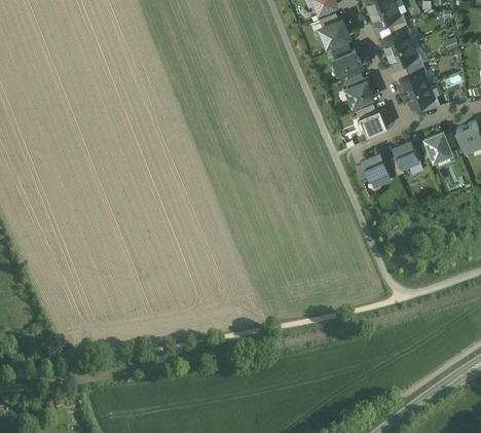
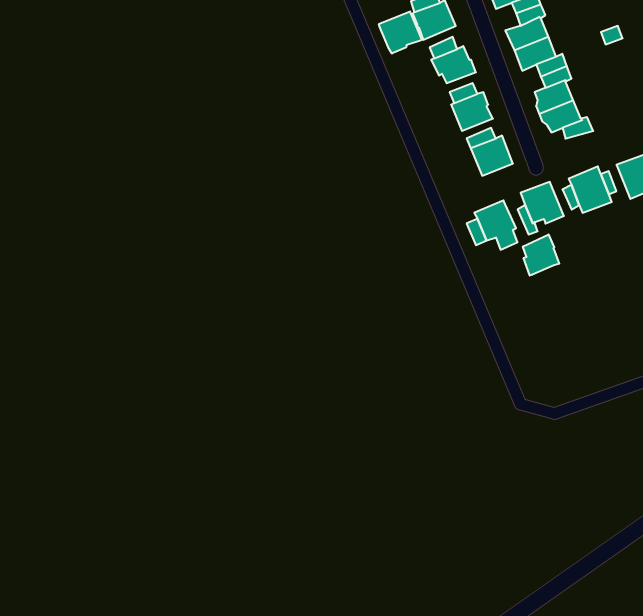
building: none -> [379,11,422,54]
building: none -> [523,234,559,276]

